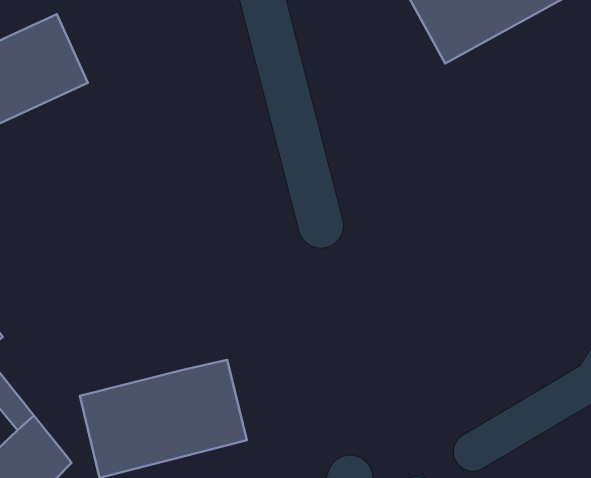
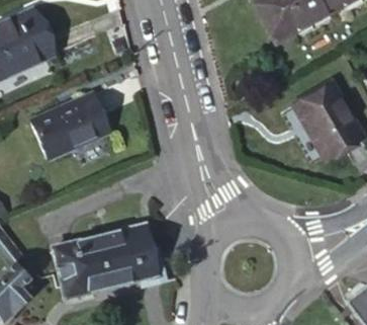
building: none -> [298,85,361,158]
building: none -> [31,88,109,155]

